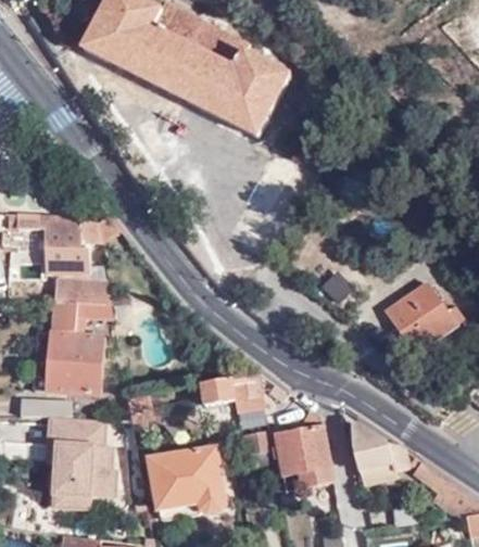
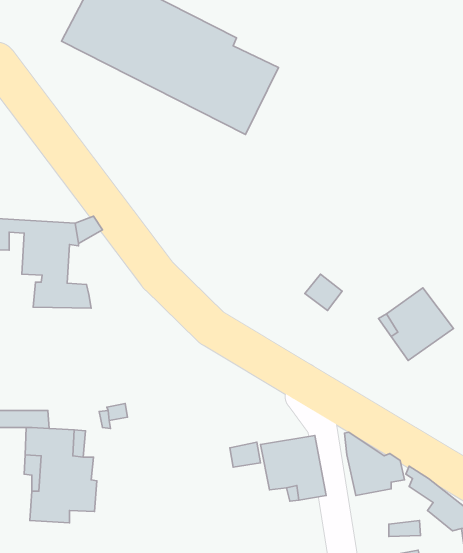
building: [29,302,113,394] -> none
building: [199,371,267,414] -> none
building: [149,449,226,513] -> none

